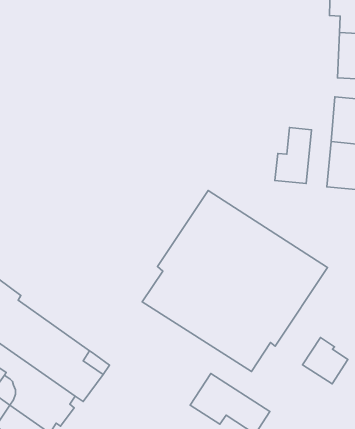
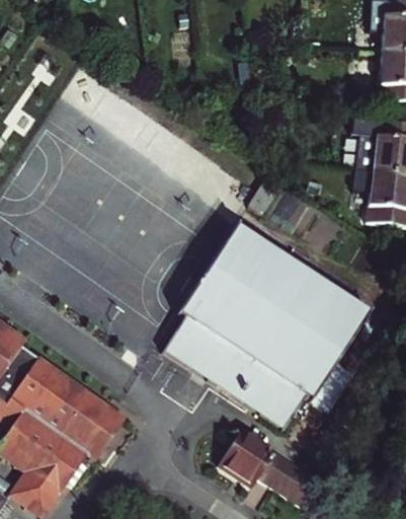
building: [275,127,311,183] -> none
building: [303,337,348,384] -> none

